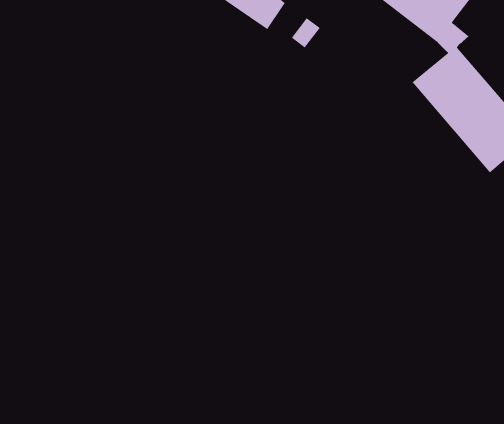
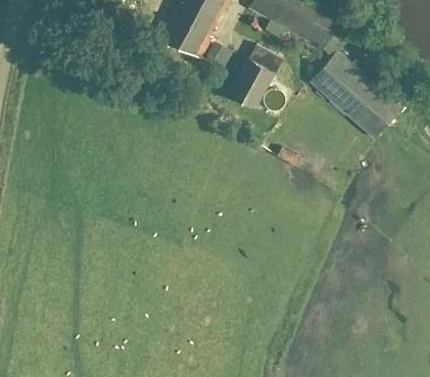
building: none -> [229,45,285,107]

